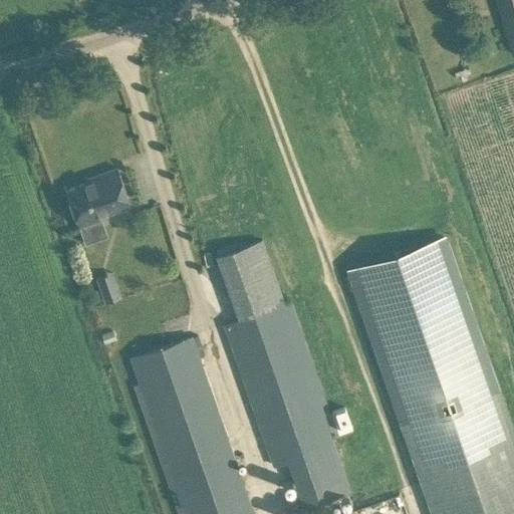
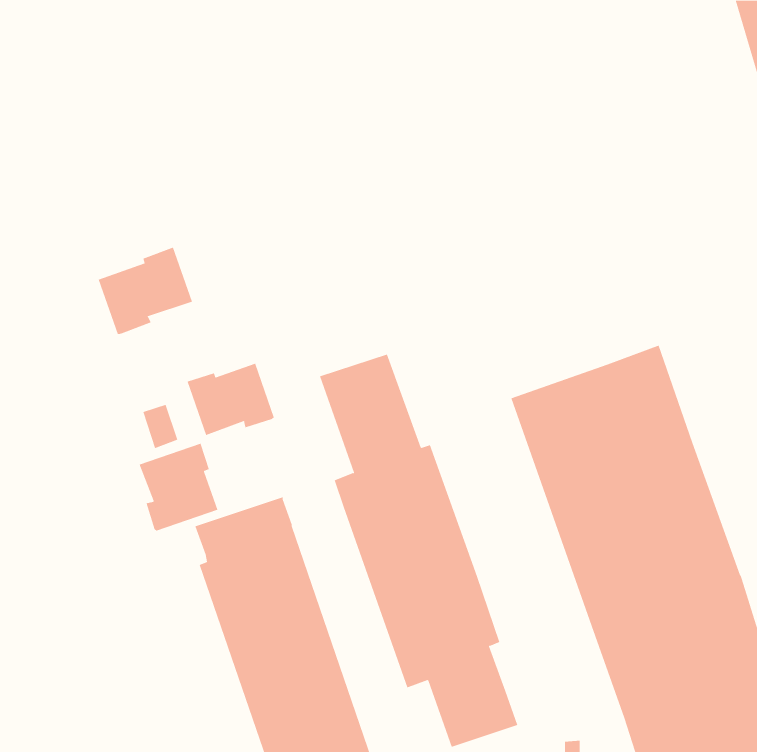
building: none -> [187,363,274,436]
building: none -> [139,443,218,532]

